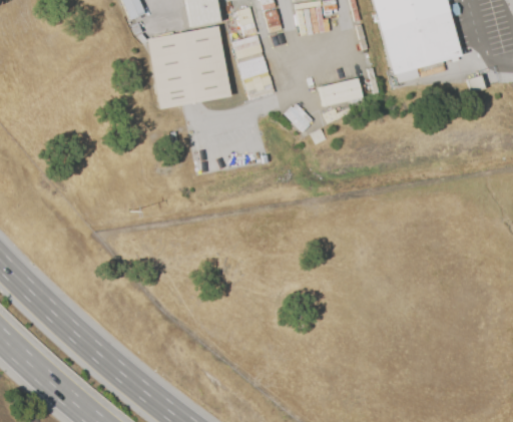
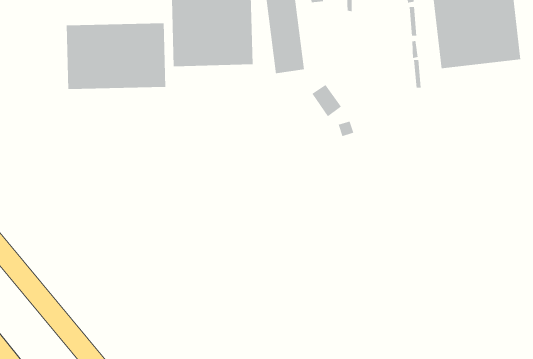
building: none -> [66,23,166,90]
building: [320,77,362,105] -> none

